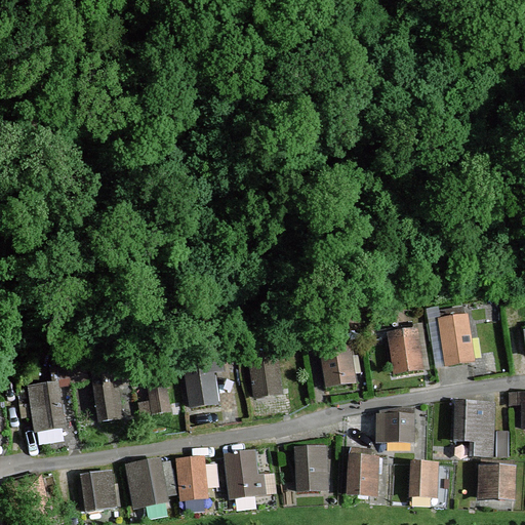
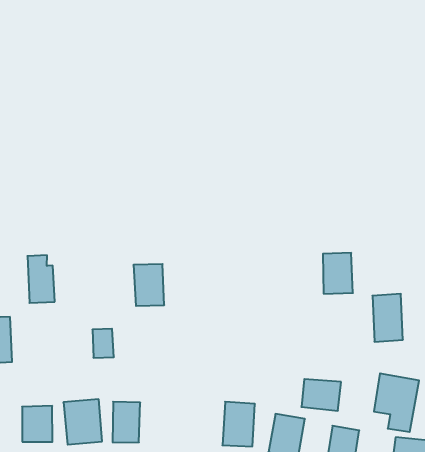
building: [388,328,423,374] -> [323,253,353,294]
building: [320,342,356,388] -> none
building: [248,356,283,399] -> none
building: [183,361,219,408] -> [133,264,164,306]
building: [90,369,124,421] -> [27,255,55,303]
building: [224,449,267,500] -> none

